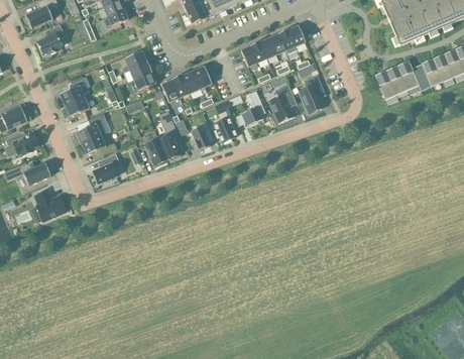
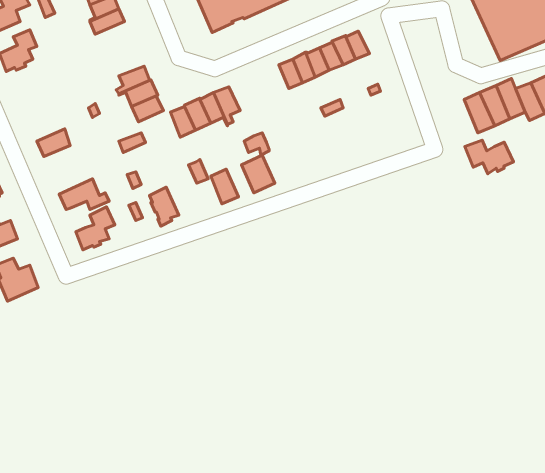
building: [299,75,324,113] -> none
building: [60,76,91,105] -> none
building: [268,84,297,122] -> none
building: [241,90,265,125] -> none
building: none -> [465,140,514,174]
building: [76,113,106,143] -> none
building: [157,115,183,154] -> none

